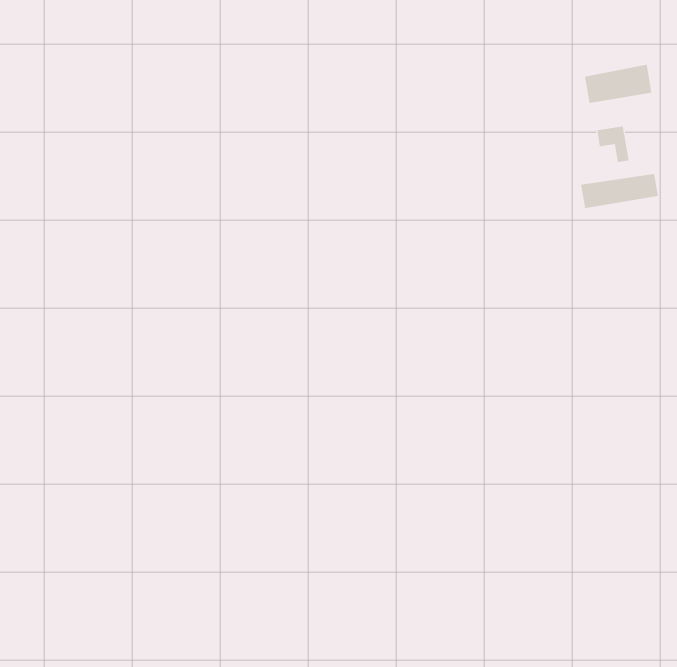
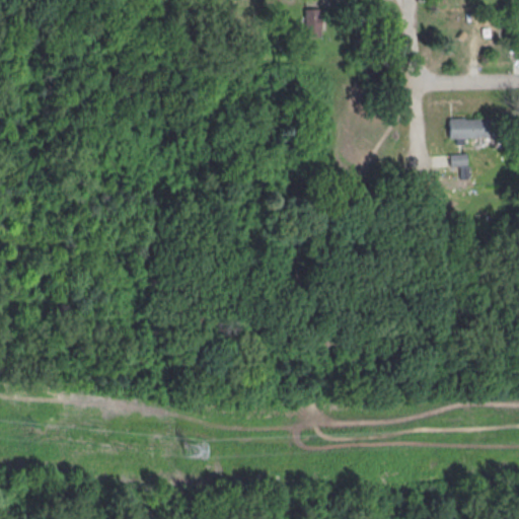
building: [581,173,658,209] -> none

